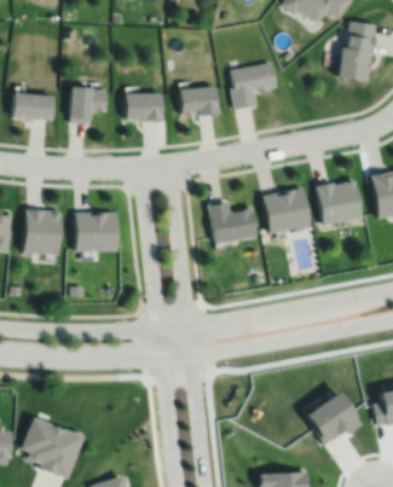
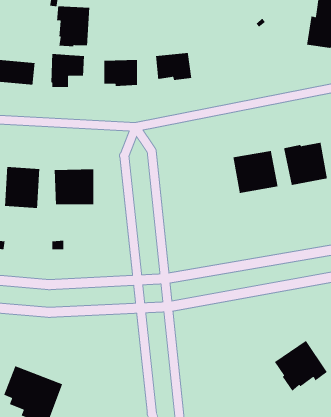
building: none -> [56,5,90,47]
building: [232,62,278,110] -> none
building: [207,201,256,244] -> none

